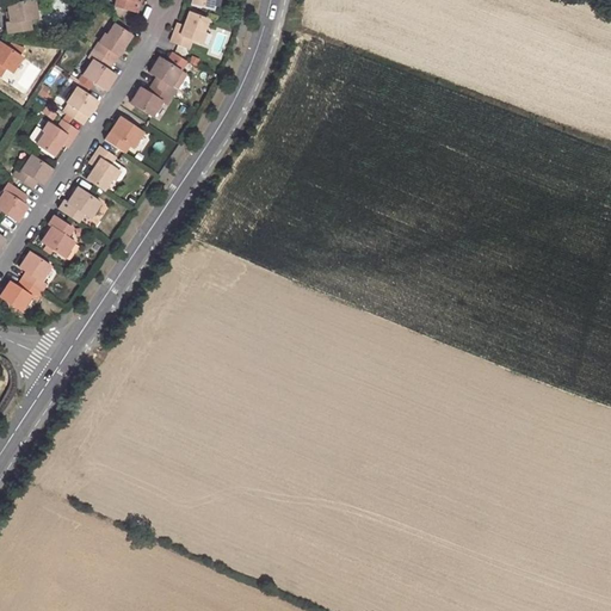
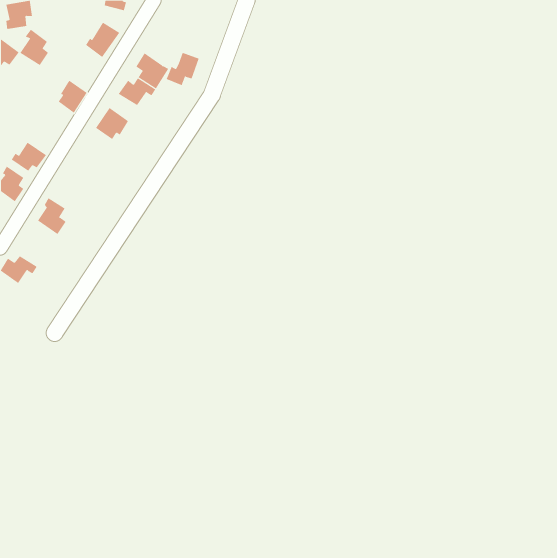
building: [171,12,208,49] -> [166,52,200,86]
building: [82,49,115,90] -> [19,29,49,66]
building: [37,119,78,155] -> none
building: [86,147,126,191] -> none
building: [58,187,100,222] -> none
building: [19,252,51,292] -> none

